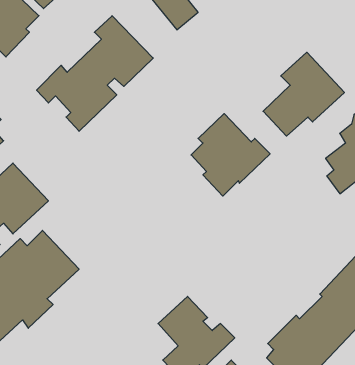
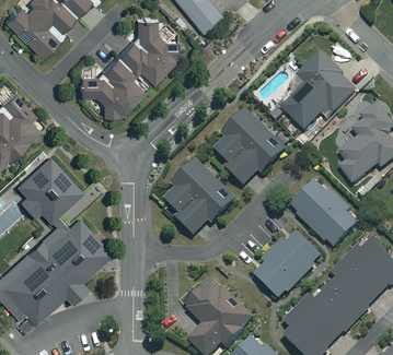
building: none -> [164,158,230,235]
building: none -> [289,180,357,248]
building: none -> [253,232,323,300]

